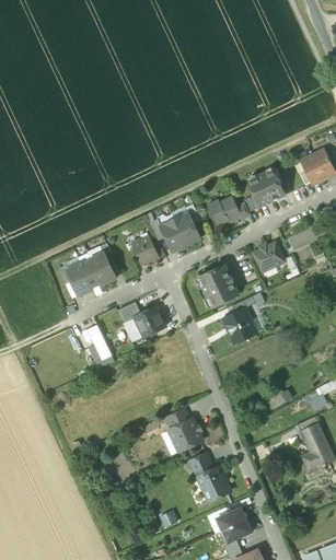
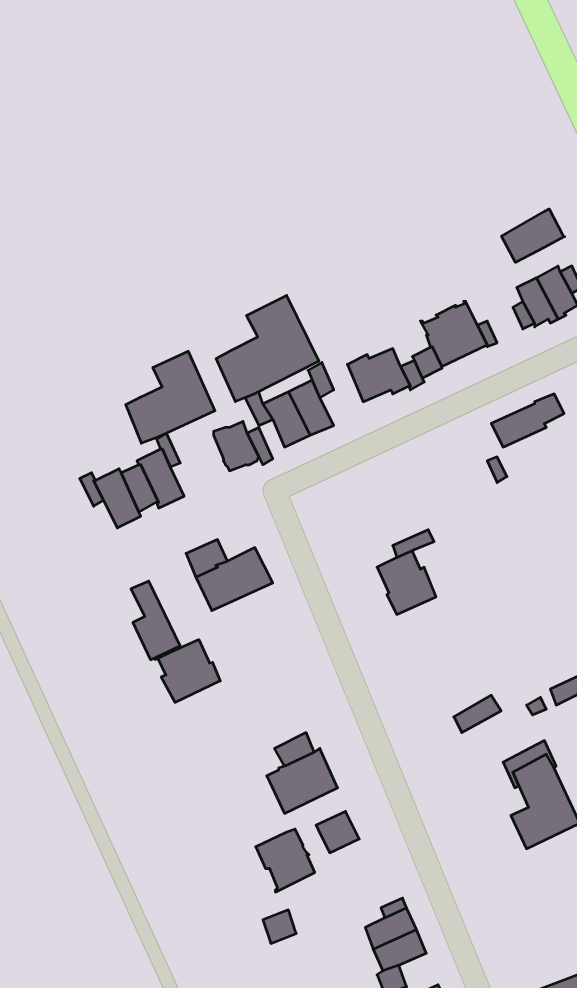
building: none -> [502,209,565,262]
building: none -> [216,295,319,402]
building: none -> [126,351,215,443]
building: [253,243,283,271] -> none
building: [198,265,237,306] -> none
building: none -> [155,640,220,702]
building: [197,466,230,501] -> [256,829,315,892]

